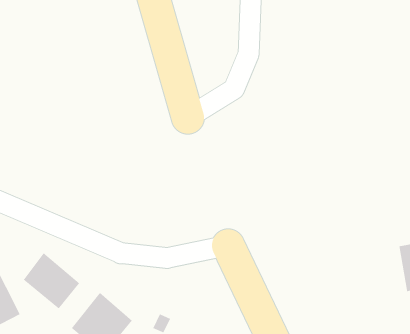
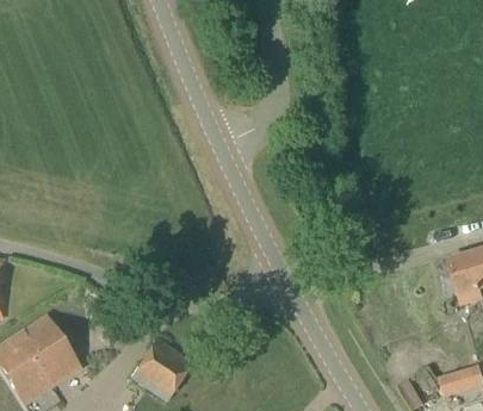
building: [23,252,80,309] -> none

